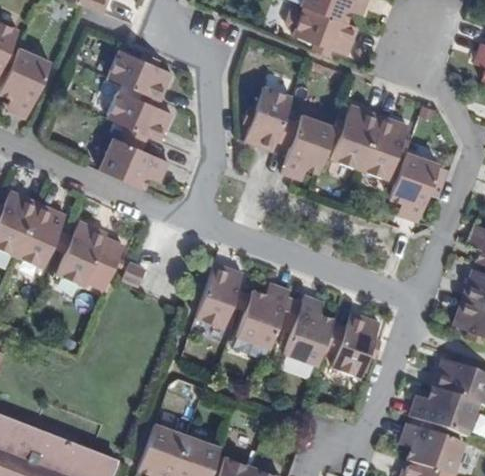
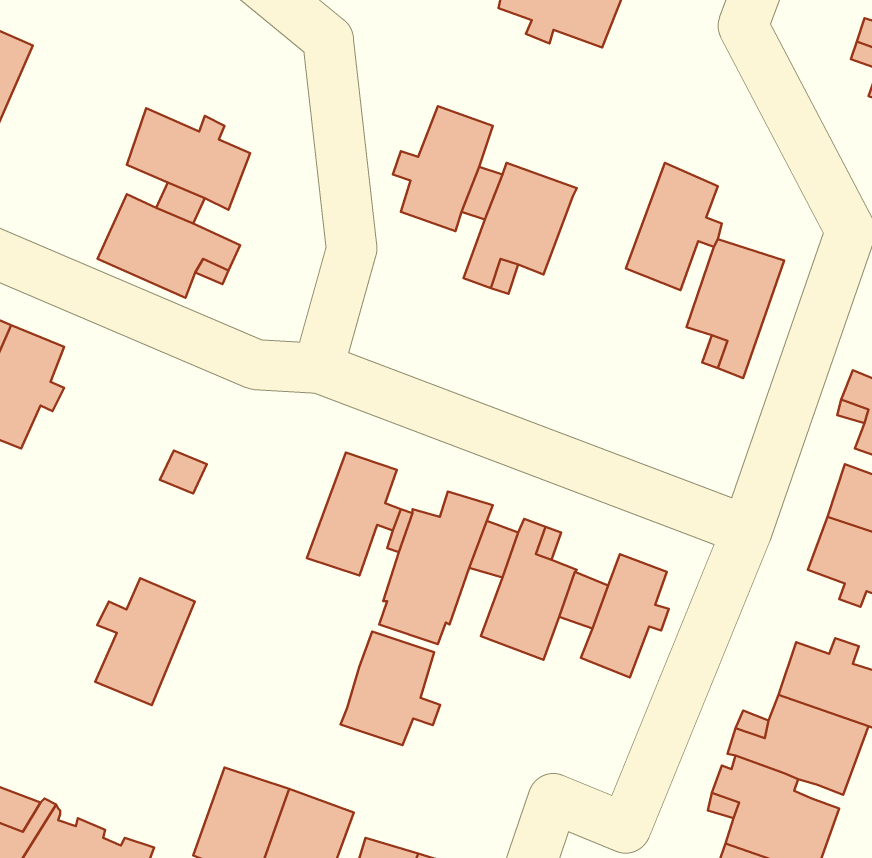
building: [109,51,171,99] -> none
building: [331,104,378,169] -> none
building: [64,218,115,283] -> [95,578,195,705]
building: none -> [341,631,440,745]

